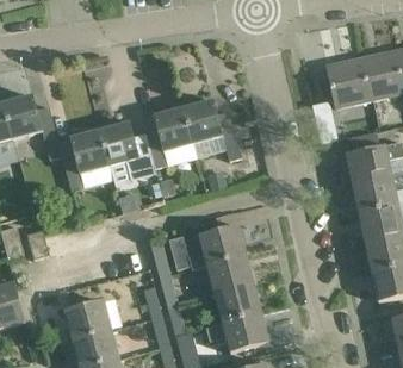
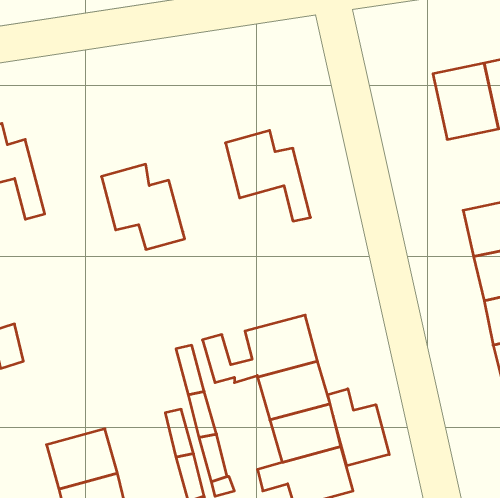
building: [147,108,194,168] -> none
building: [63,131,114,191] -> none
building: none -> [328,389,389,466]

